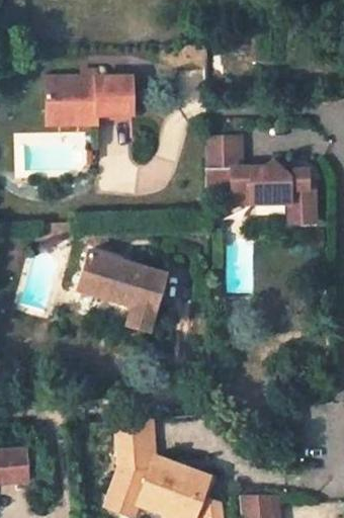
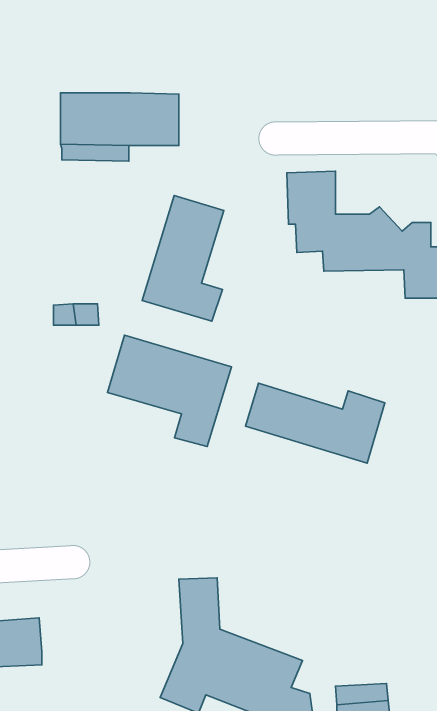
building: none -> [142,195,224,321]
building: none -> [246,383,385,463]

